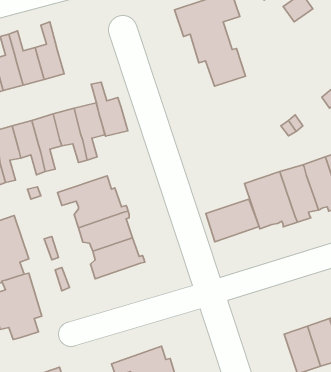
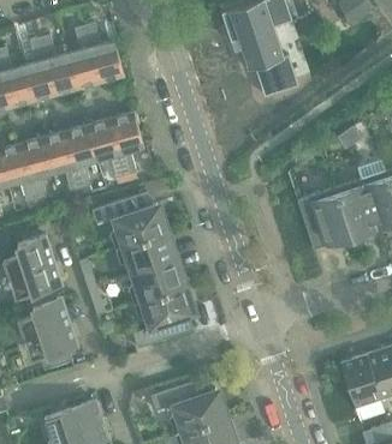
building: [91,82,128,136] -> [84,23,124,82]
building: [206,199,259,242] -> none
building: none -> [133,286,192,348]

